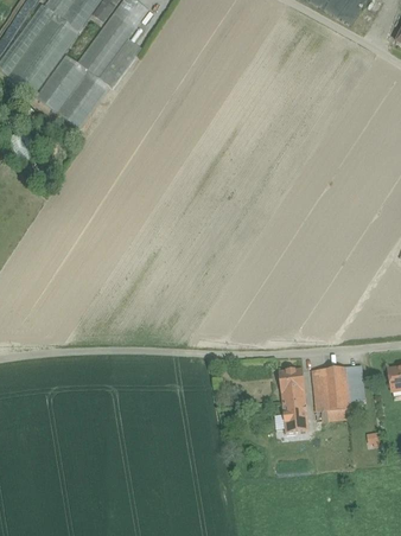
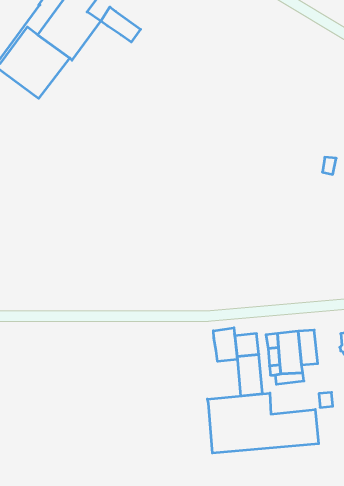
building: none -> [101,7,141,42]
building: none -> [213,328,237,361]
building: none -> [207,393,319,453]

